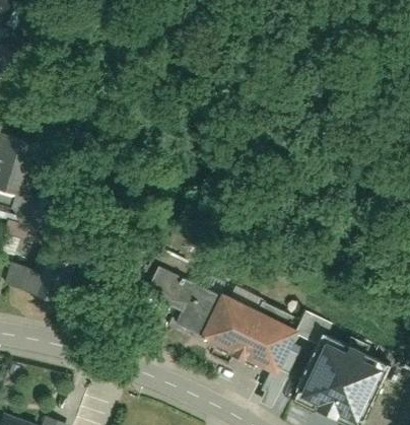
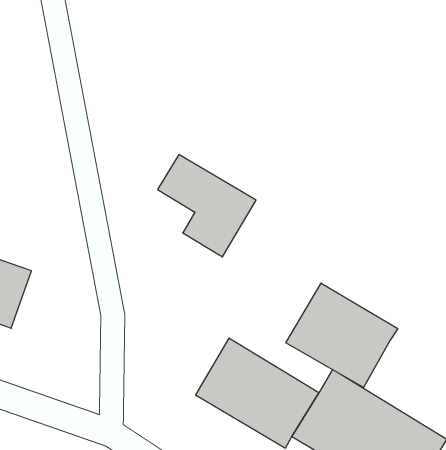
building: none -> [286,283,398,387]
building: [148,263,223,338] -> [158,155,256,257]

